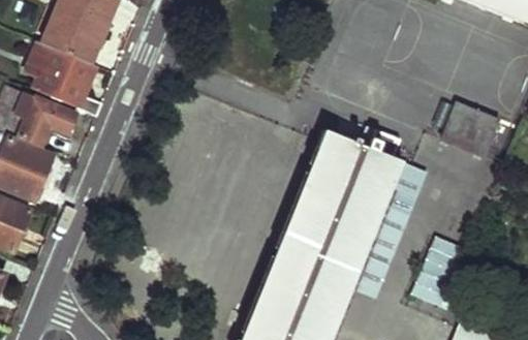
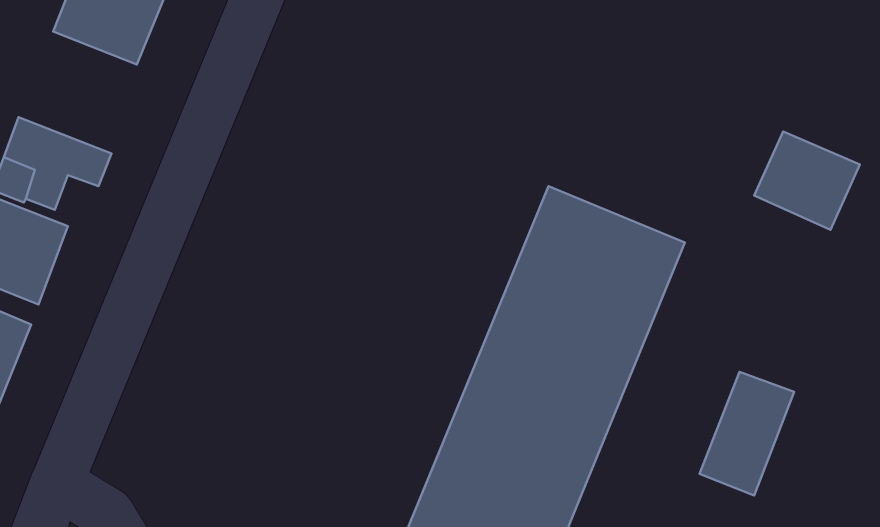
building: [29,40,104,114] -> none
building: [352,162,429,299] -> none

